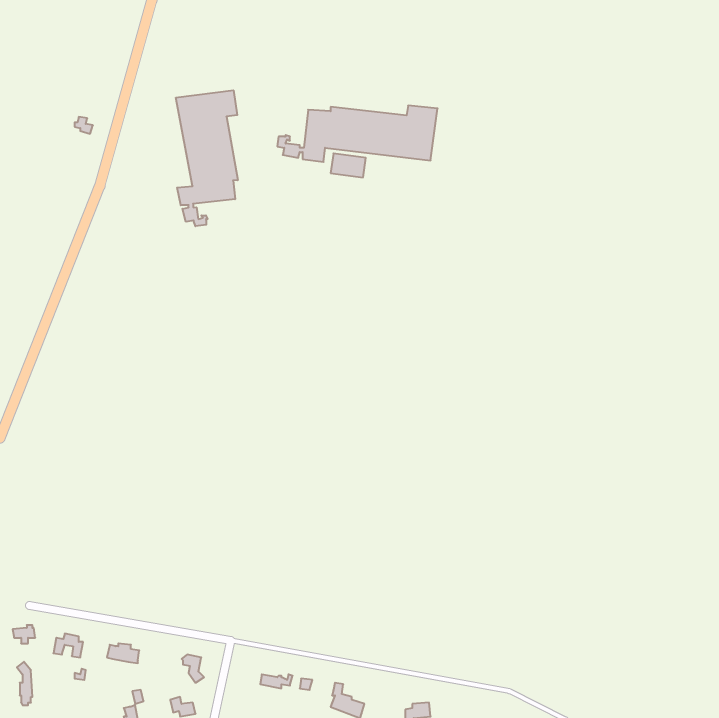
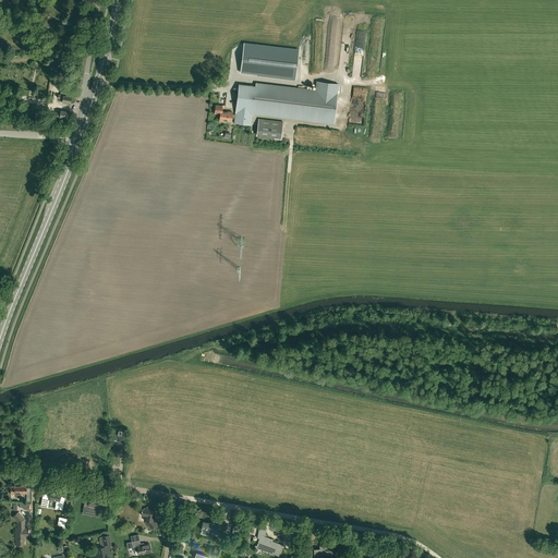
building: none -> [242,44,299,81]
building: [176,90,238,226] -> none

